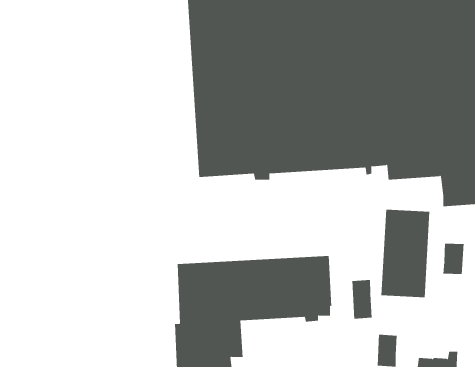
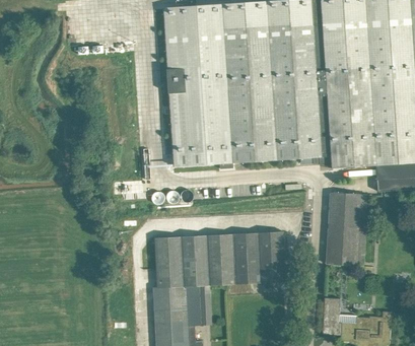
building: [443,243,464,275] -> none
building: [352,279,372,320] -> none

